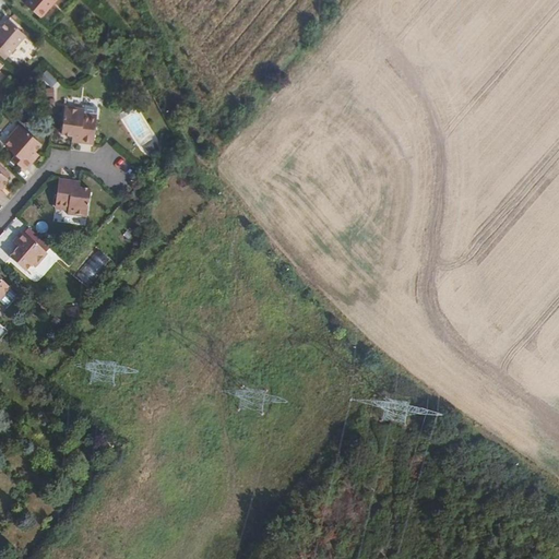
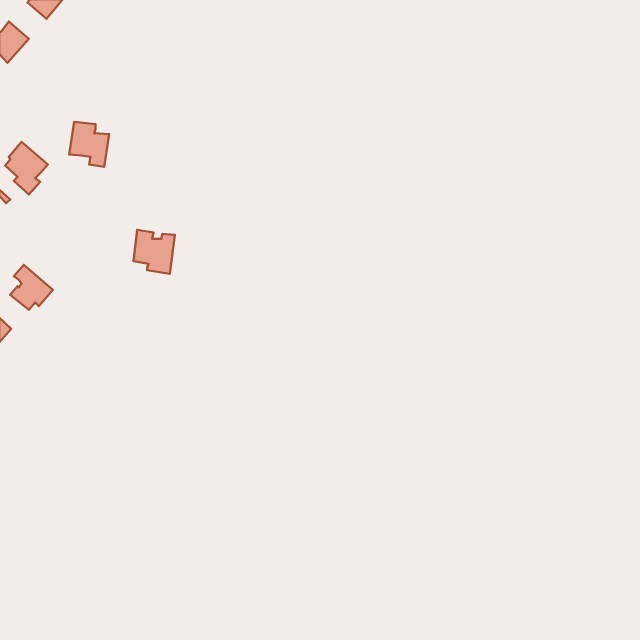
building: [55,178,91,216] -> [133,230,175,274]

